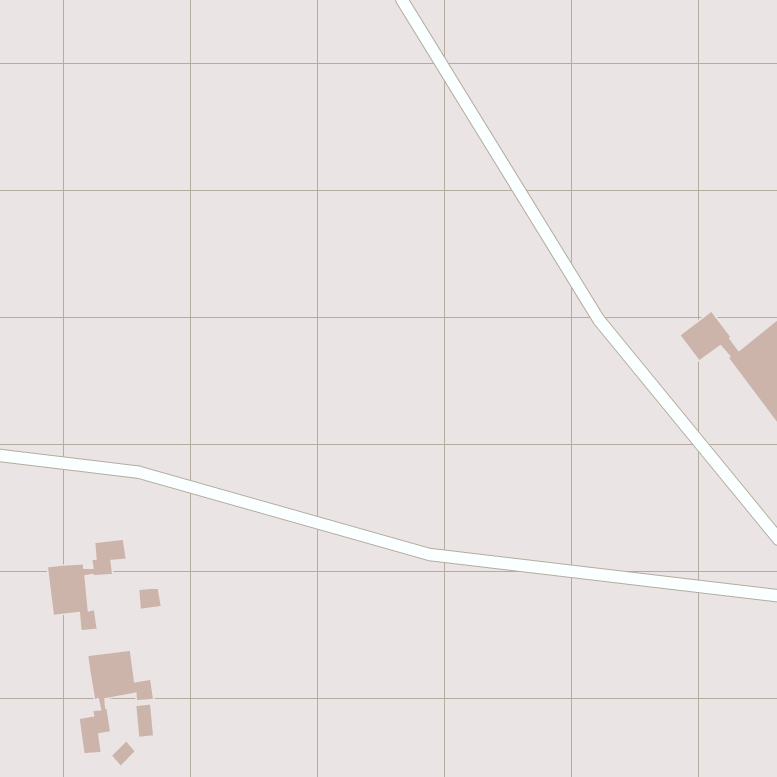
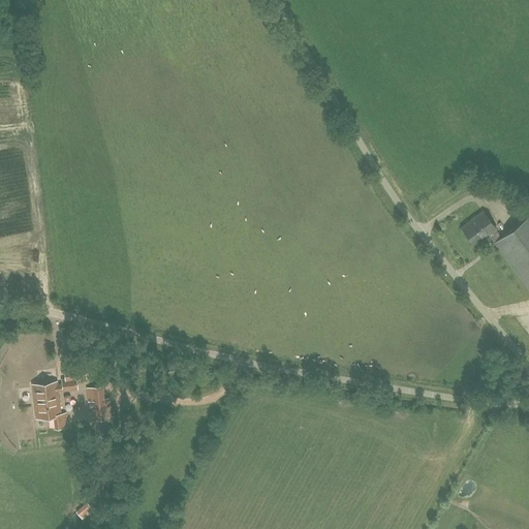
building: [79,650,154,754] -> none

